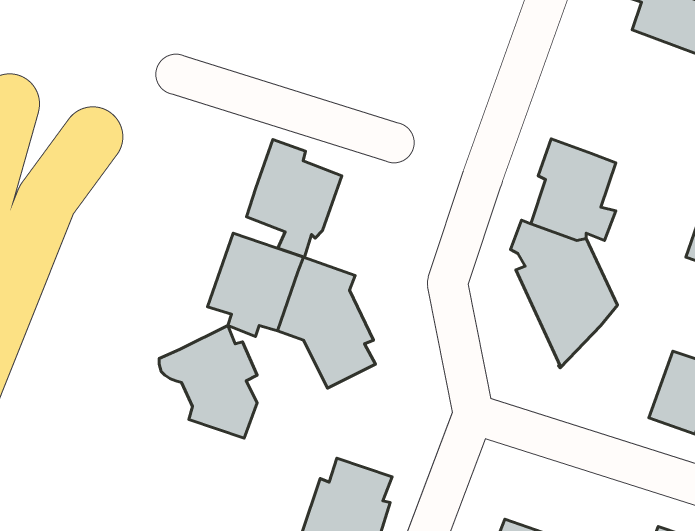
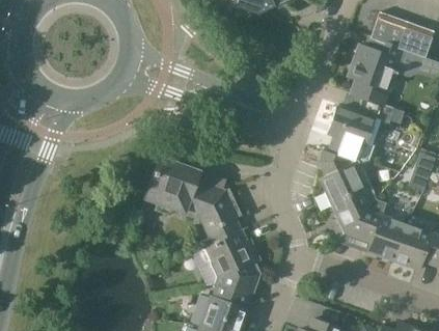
building: none -> [348,39,400,122]
building: [246,139,342,257] -> none
building: [159,325,257,438] -> [201,230,256,294]
building: none -> [344,209,407,260]

